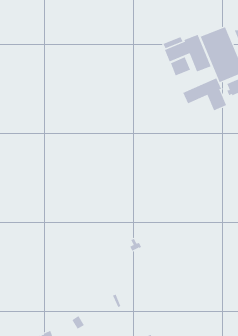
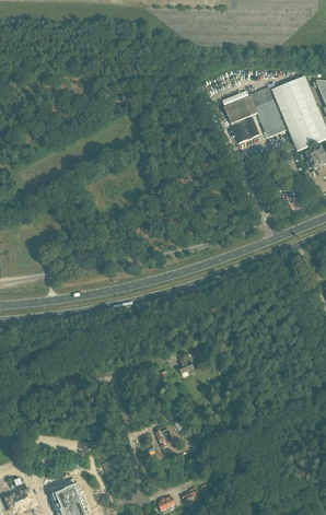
building: [182,78,227,111] -> none

